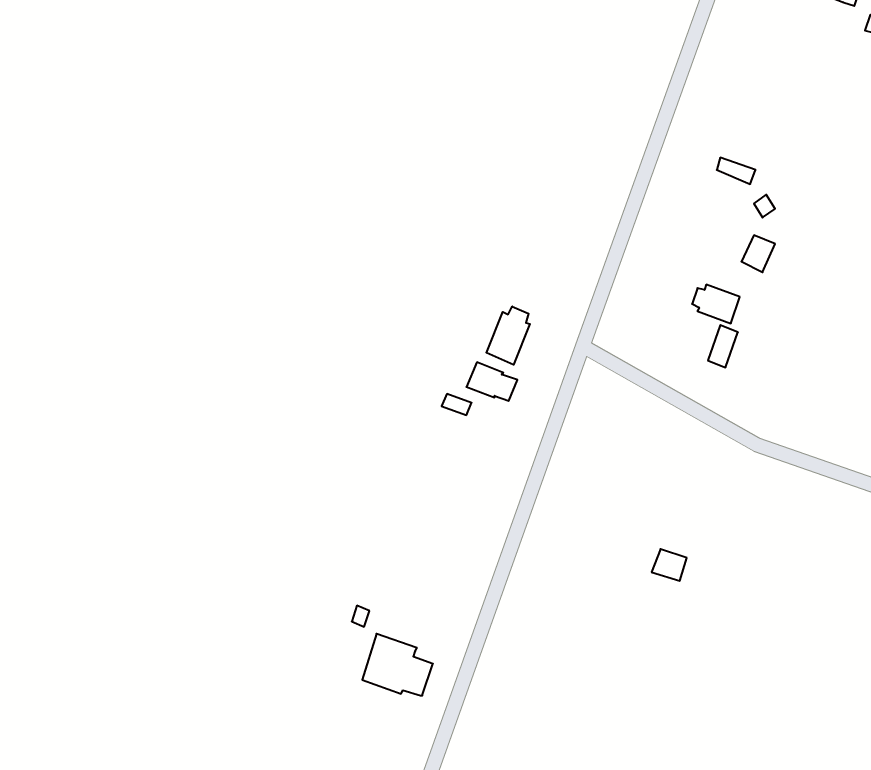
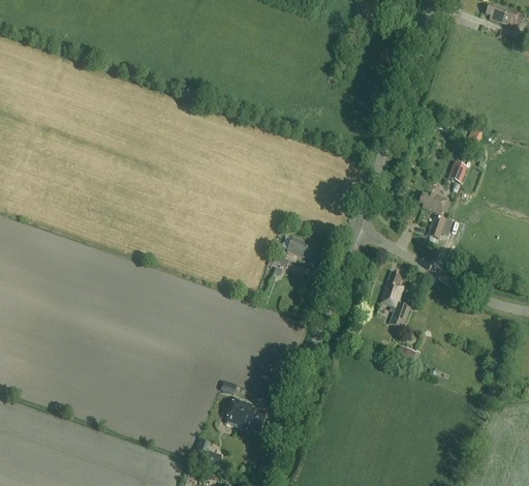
building: [486,306,530,365] -> none
building: none -> [380,271,410,328]

